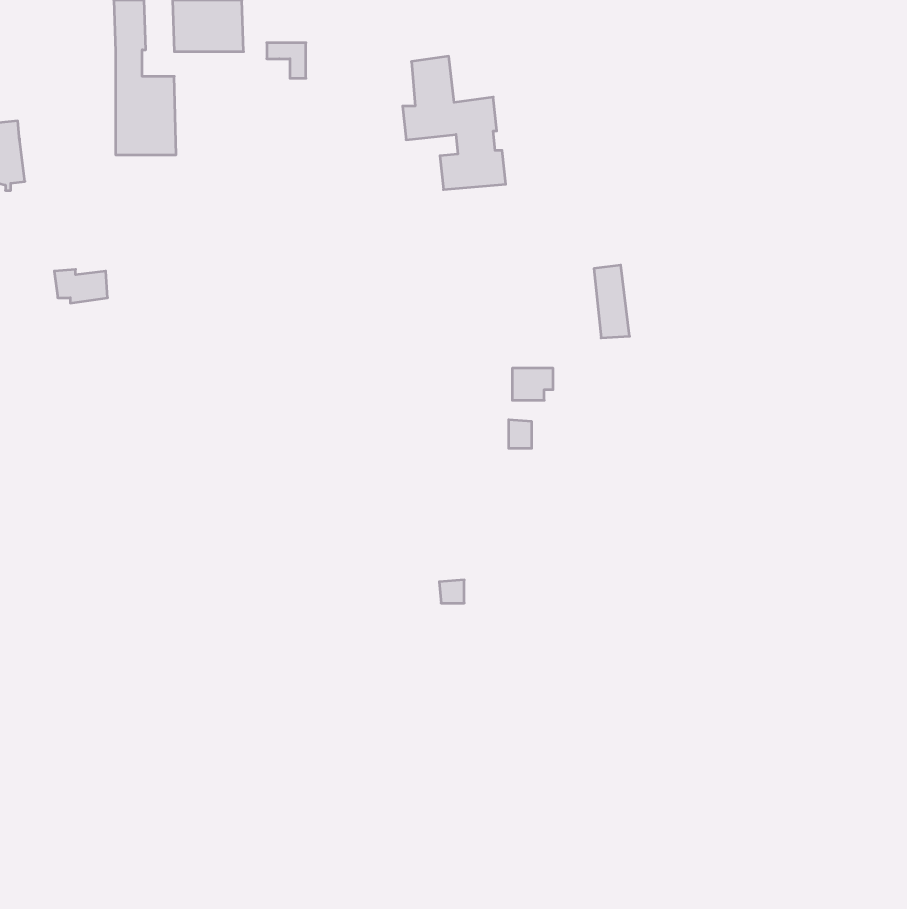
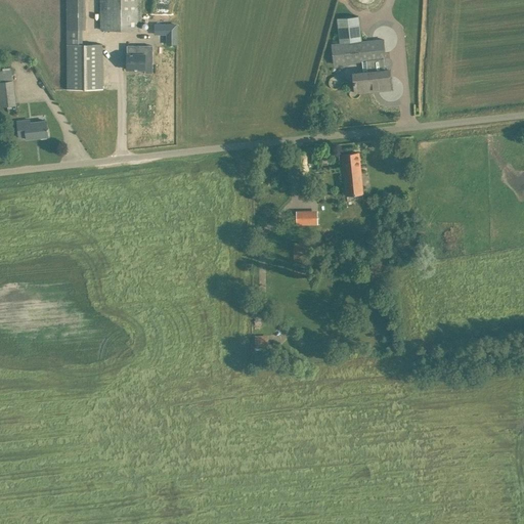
building: [403,56,506,190] -> [331,15,390,92]
building: none -> [126,45,144,69]
building: [54,269,108,303] -> [16,120,47,139]

